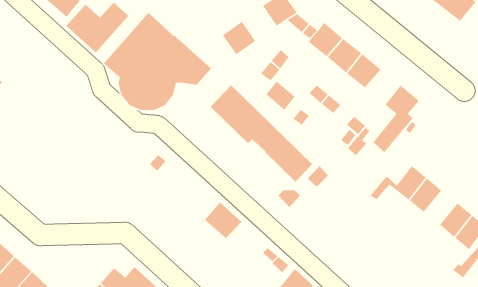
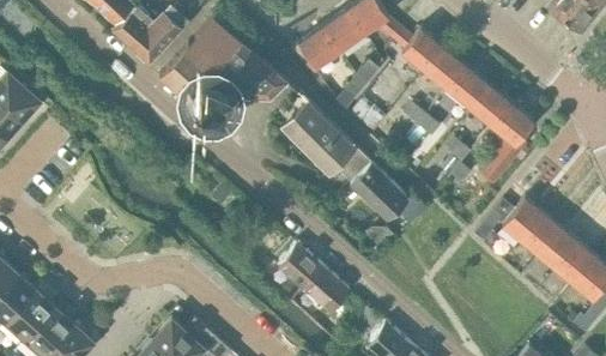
building: none -> [323,11,364,53]
building: none -> [469,86,511,128]
building: none -> [539,230,578,271]
building: none -> [304,267,349,312]

